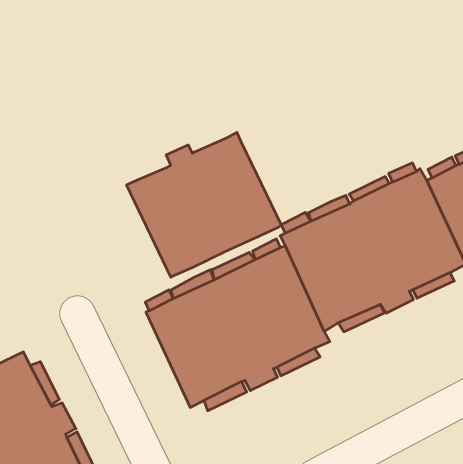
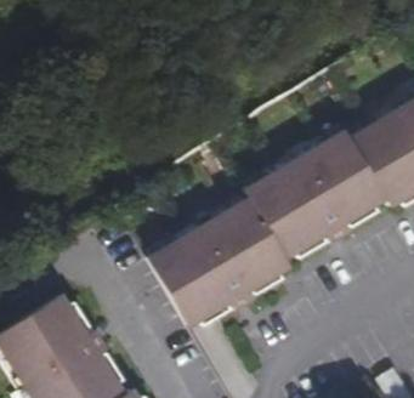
building: [127,132,281,277] -> none

